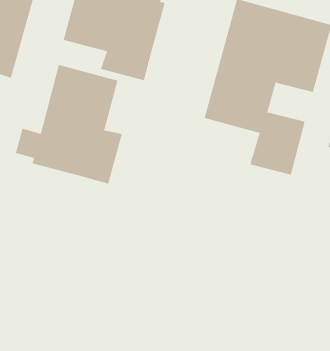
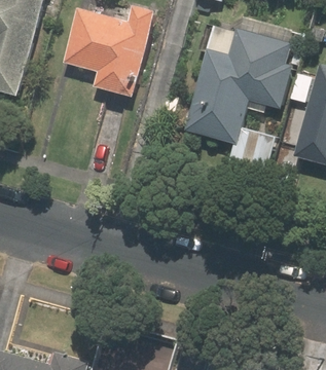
building: [15,64,123,185] -> none

